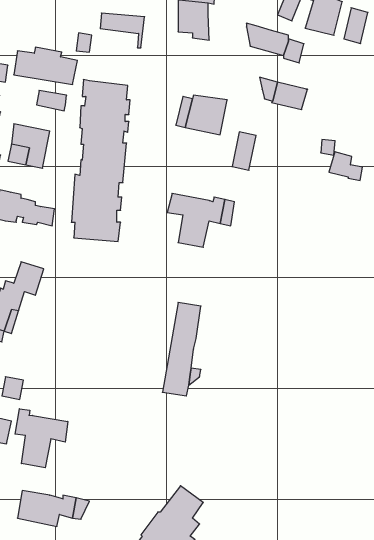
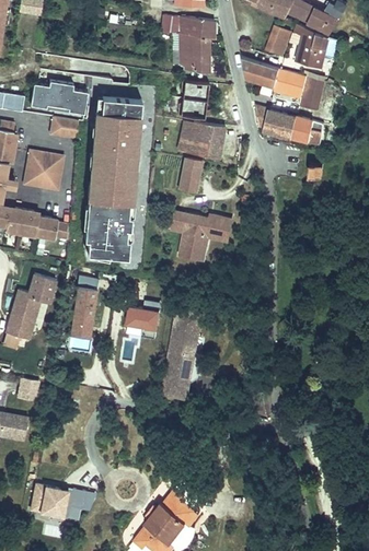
building: [344,8,368,44] -> [301,78,323,110]
building: [100,13,145,48] -> [99,95,139,127]
building: none -> [178,81,206,117]
building: [232,132,256,170] -> [178,159,200,194]
building: [329,152,362,180] -> [292,117,323,143]
building: none -> [68,288,94,338]
building: none -> [125,307,158,337]
building: [15,409,68,468] -> none

